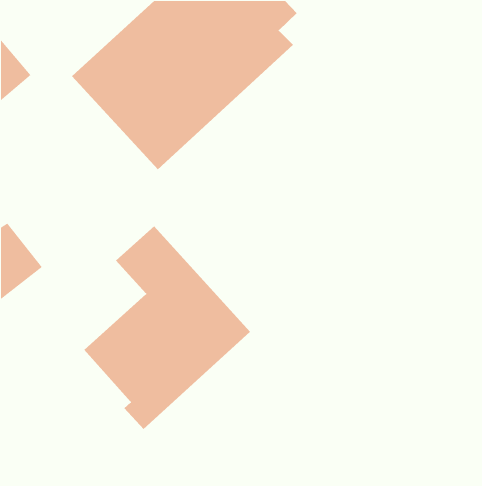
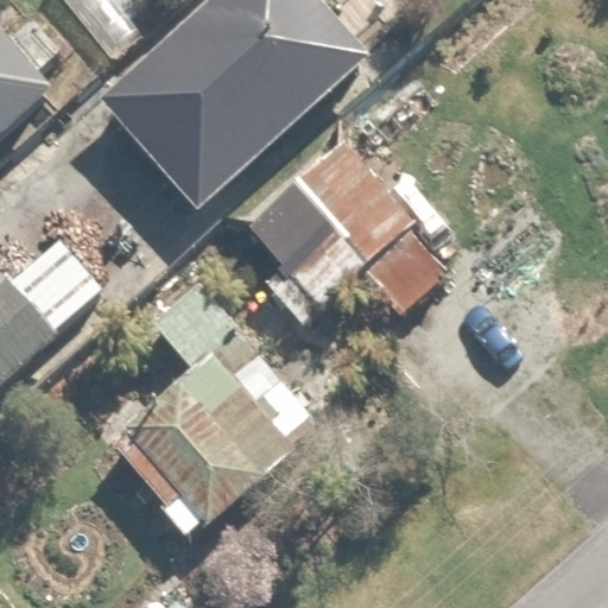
building: none -> [259,146,412,324]

